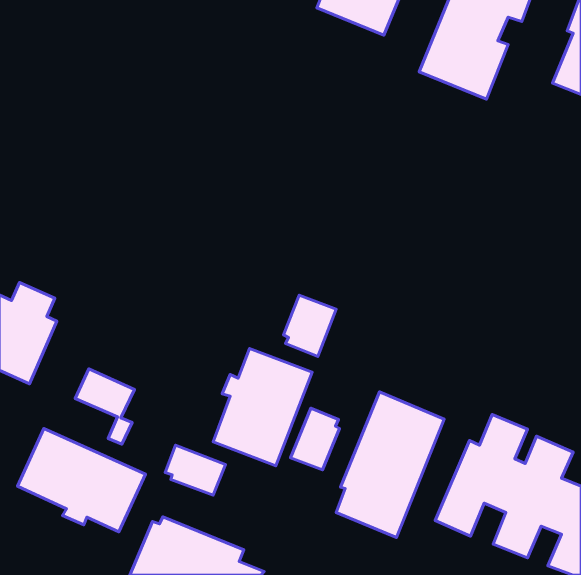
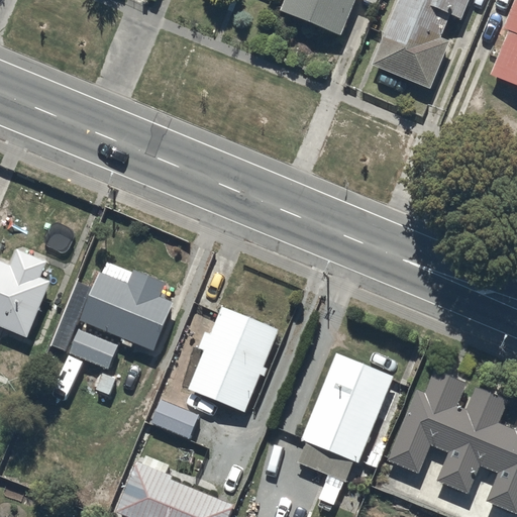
building: [283,295,336,356] -> none
building: none -> [81,263,175,354]
building: [291,408,340,470] -> none
building: [17,428,145,532] -> none

